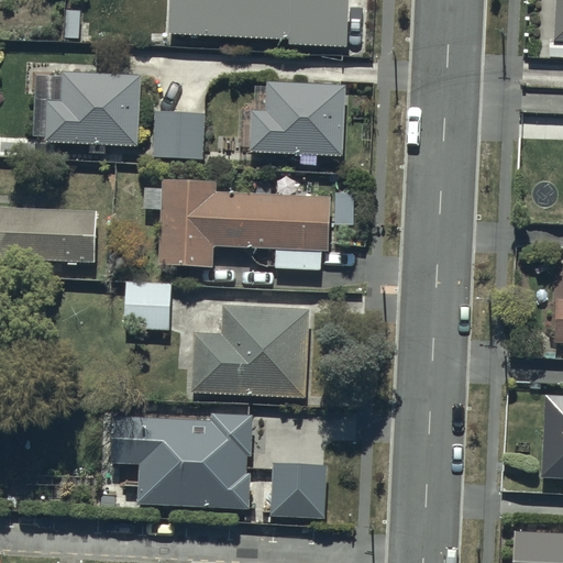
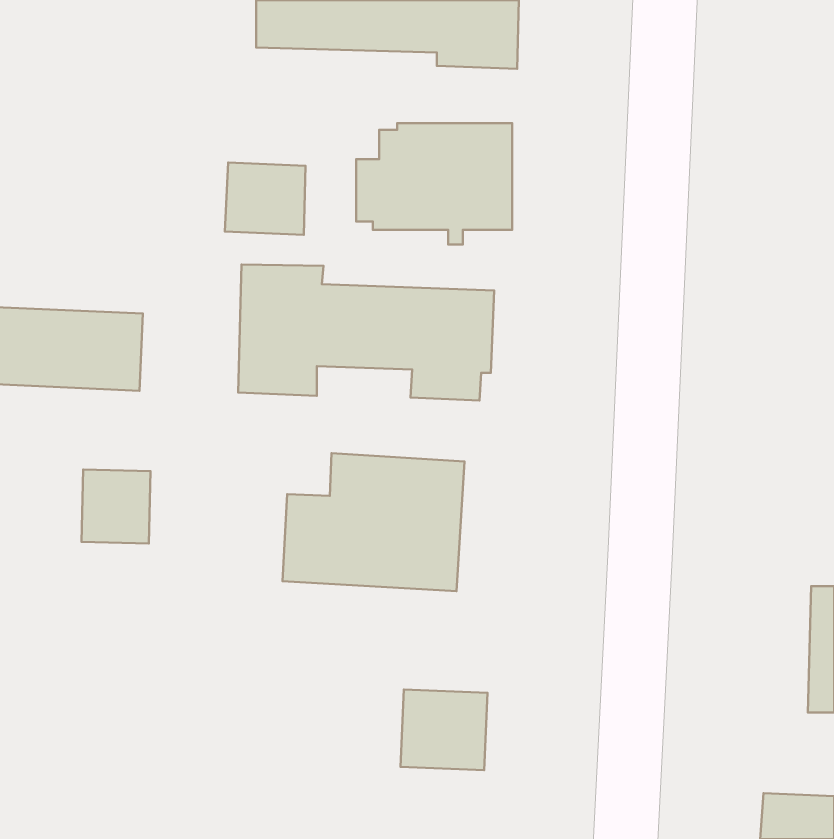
building: [43,71,143,154] -> none
building: [123,279,169,329] -> [81,470,150,543]
building: [112,415,250,506] -> none

